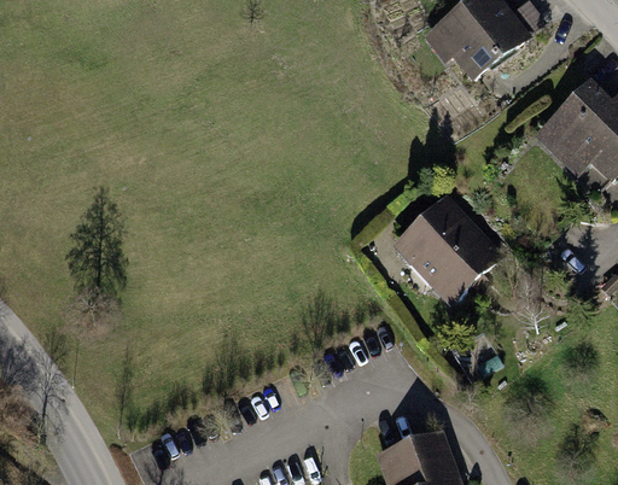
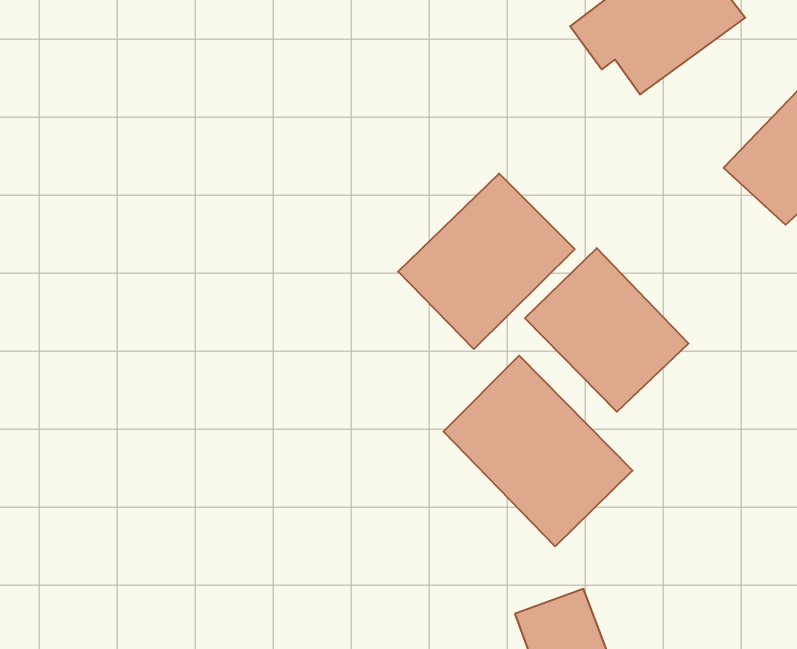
building: none -> [398,173,575,349]
building: none -> [443,356,633,546]

